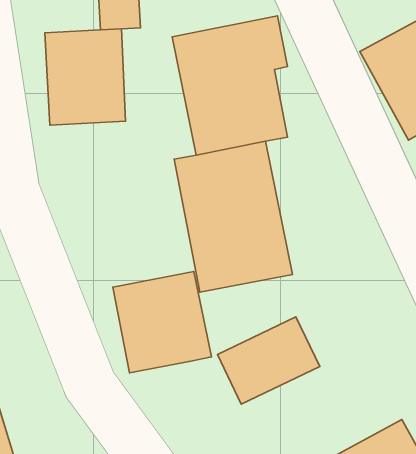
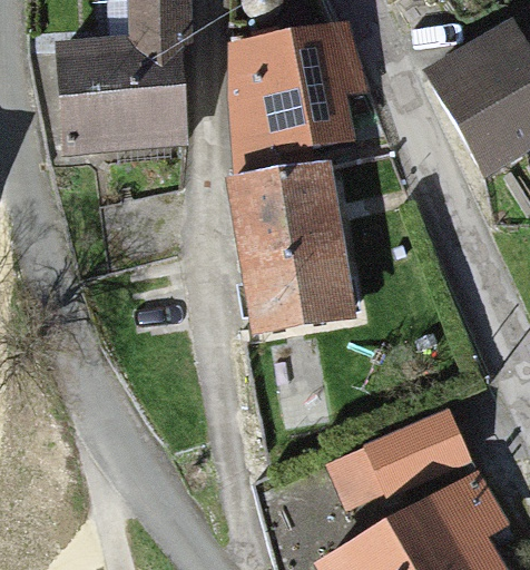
building: [113,272,212,373] -> none
building: [217,317,320,404] -> [357,411,472,509]

